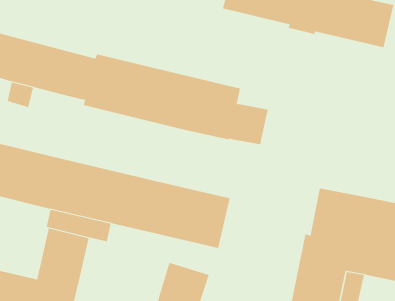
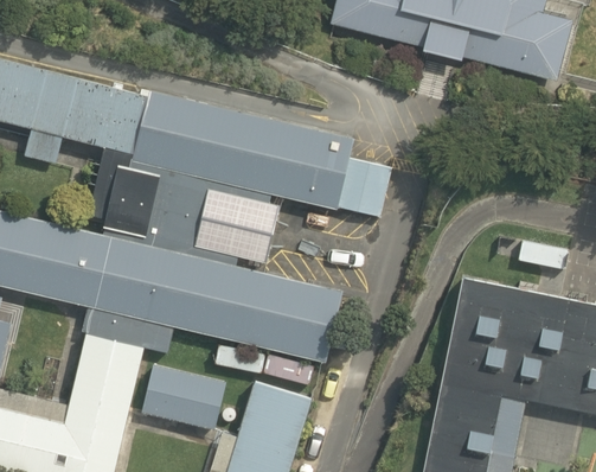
building: none -> [89,147,274,268]
building: none -> [141,366,225,430]

